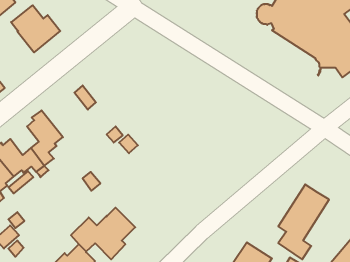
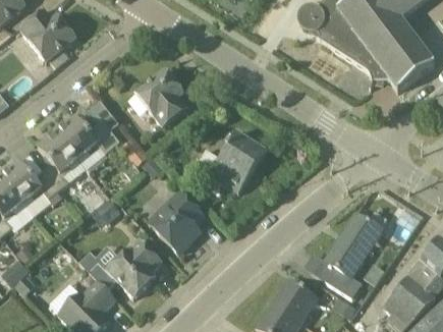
building: none -> [135,68,187,125]
building: none -> [55,115,115,158]
building: none -> [197,131,266,192]
building: none -> [149,190,205,253]

